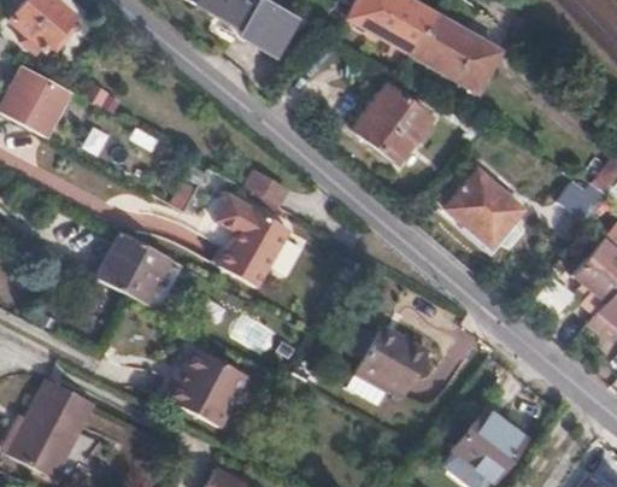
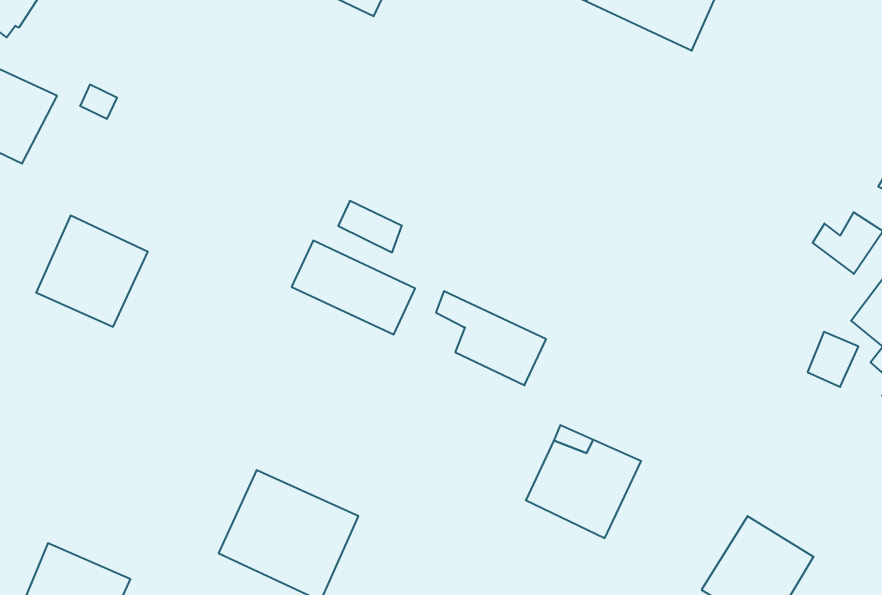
building: [357,84,433,162] -> none
building: [448,172,524,247] -> none
building: [206,225,276,289] -> [436,291,546,385]
building: [98,234,171,307] -> [36,215,148,327]

